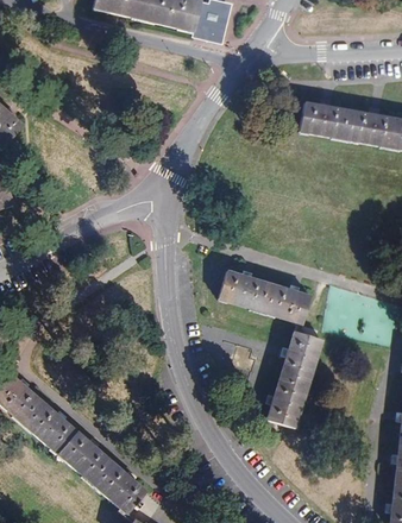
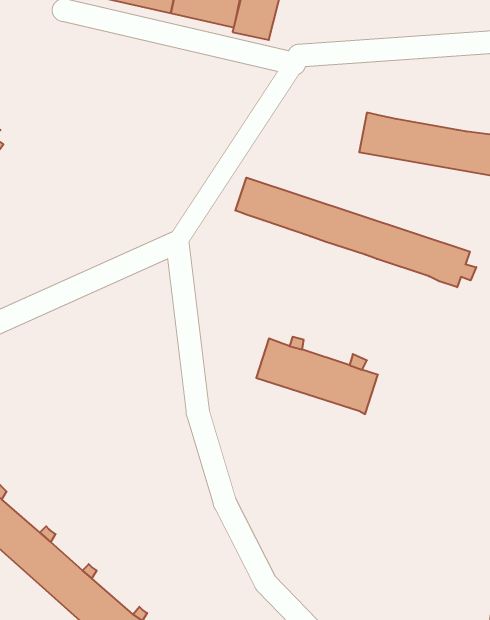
building: none -> [235,178,476,287]
building: [263,323,321,428] -> none

